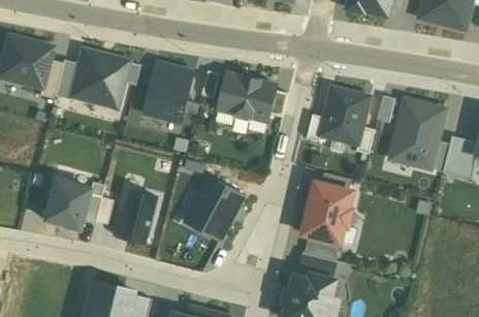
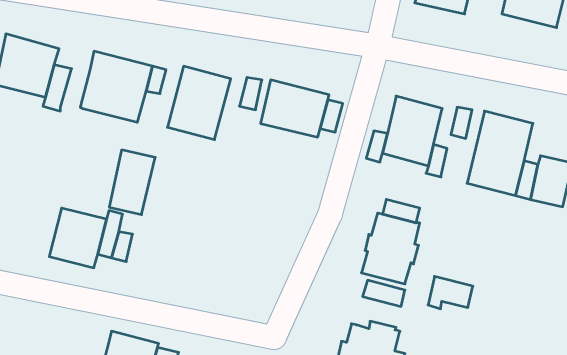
building: [53,59,77,99] -> none
building: [186,176,244,240] -> none
building: [119,190,157,244] -> [109,150,155,215]
building: [298,252,336,279] -> [428,276,473,309]

